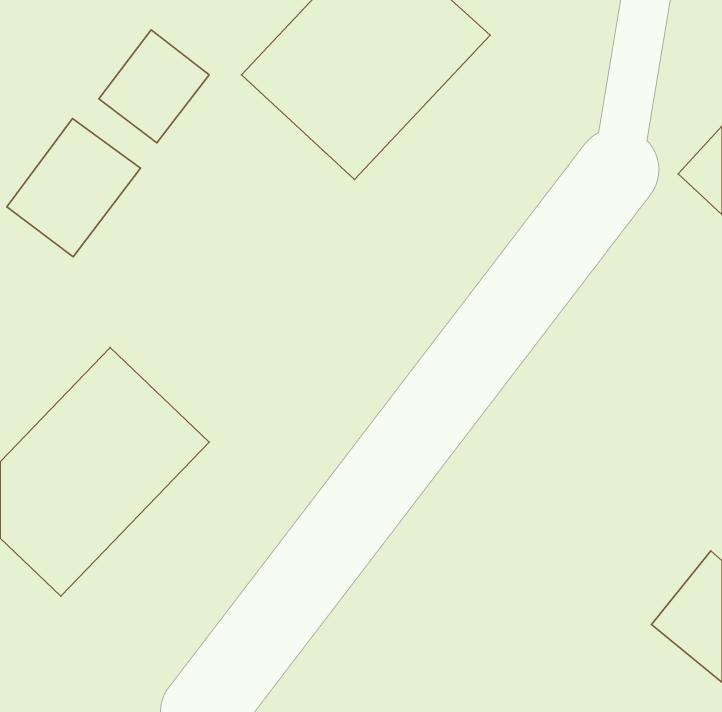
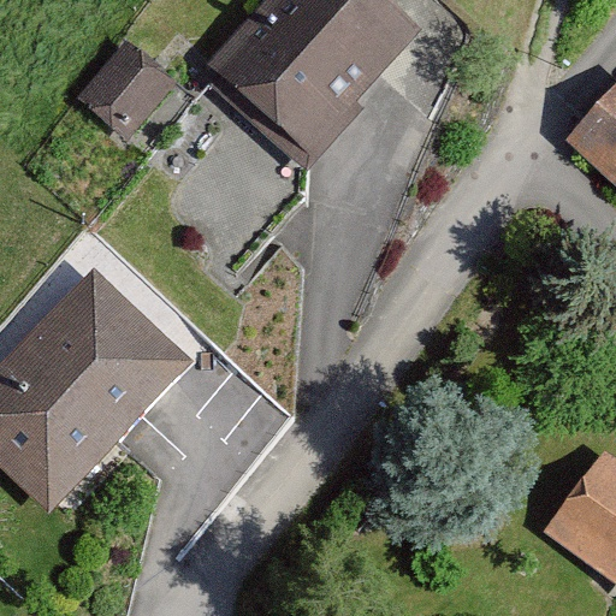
building: [7,118,140,257] -> none

